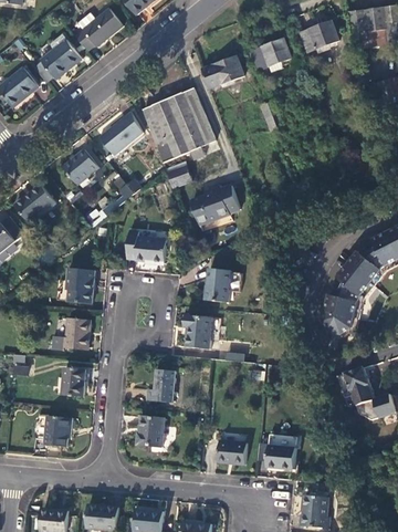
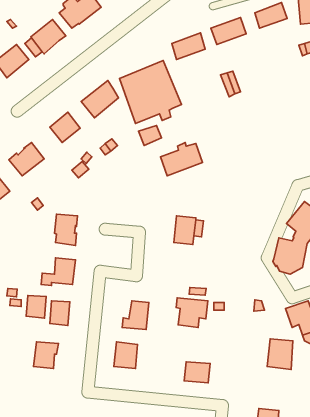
building: [126,230,165,261] -> none
building: [184,315,220,350] -> [176,298,208,328]
building: none -> [26,296,46,318]
building: [266,432,296,468] -> [267,339,293,369]

